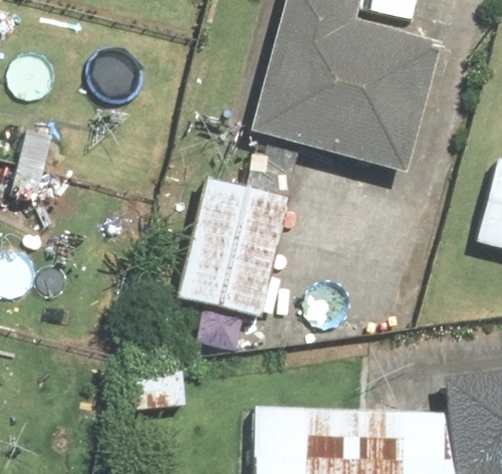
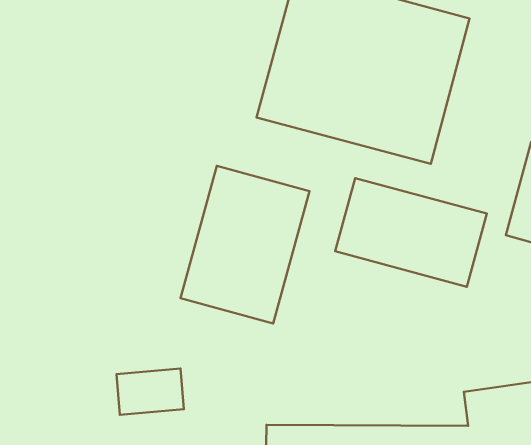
building: none -> [335,178,487,287]

